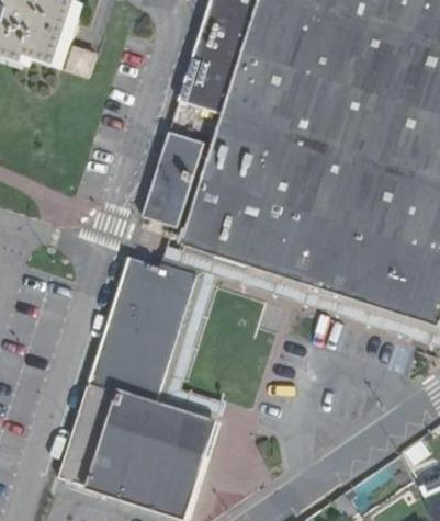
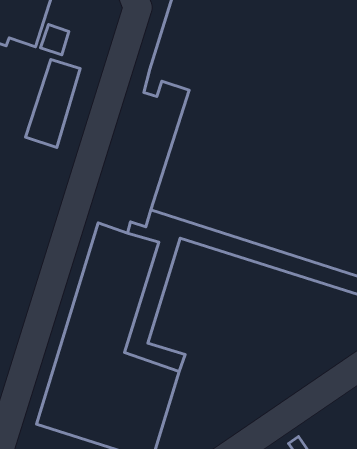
building: [145,131,204,226] -> [25,59,80,147]

